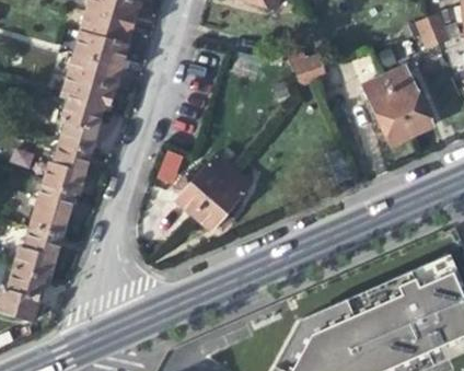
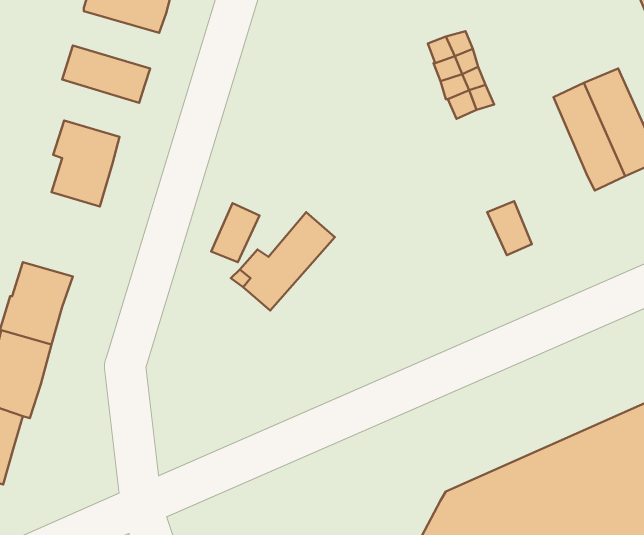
building: [73,33,126,68] -> none
building: [60,74,114,111] -> none
building: [43,143,90,196] -> none
building: [194,171,250,231] -> none

